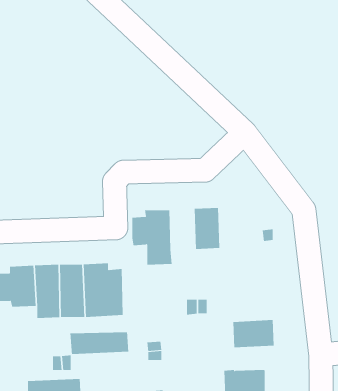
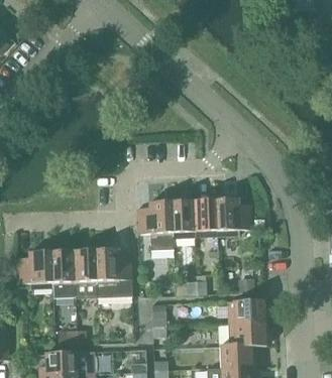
building: none -> [216,198,251,235]
building: none -> [173,200,195,236]
building: [70,331,129,355] -> none
building: none -> [229,322,266,344]

